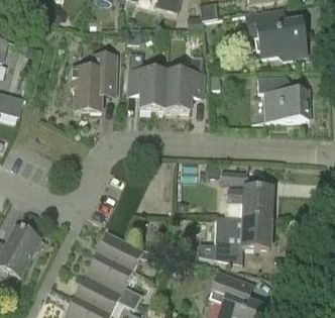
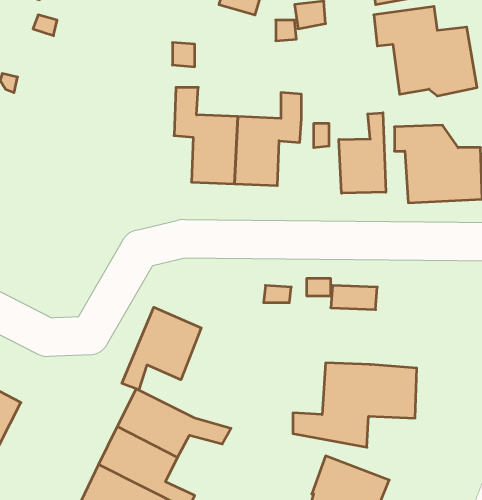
building: [72,54,116,111] -> none
building: none -> [339,113,386,193]
building: none -> [122,307,201,390]
building: [228,186,272,218] -> none

